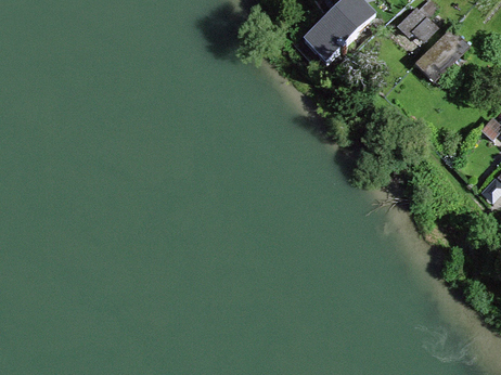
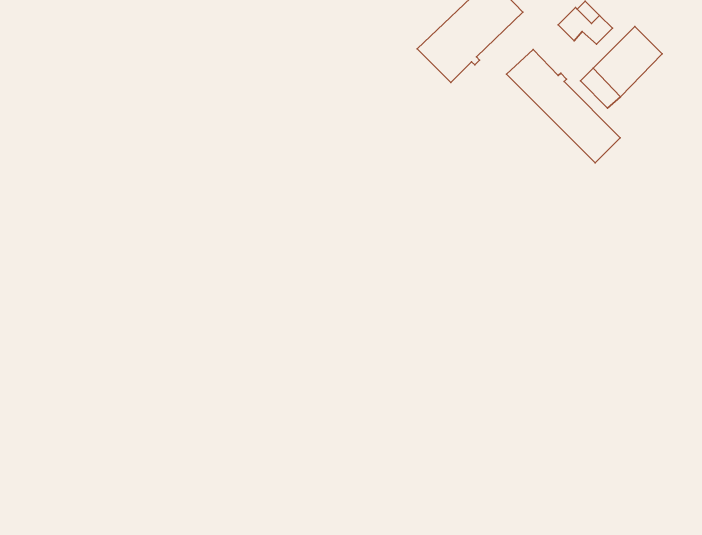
building: none -> [507,50,620,163]

